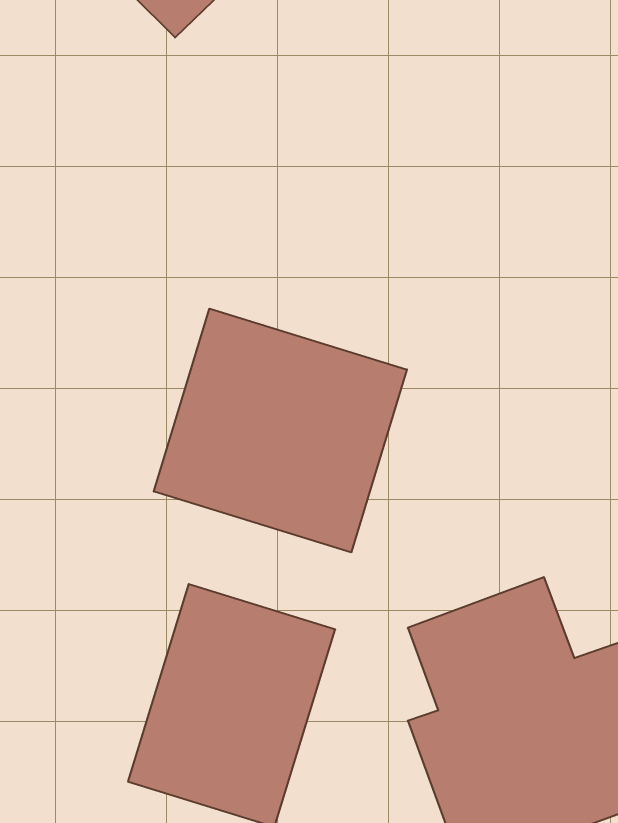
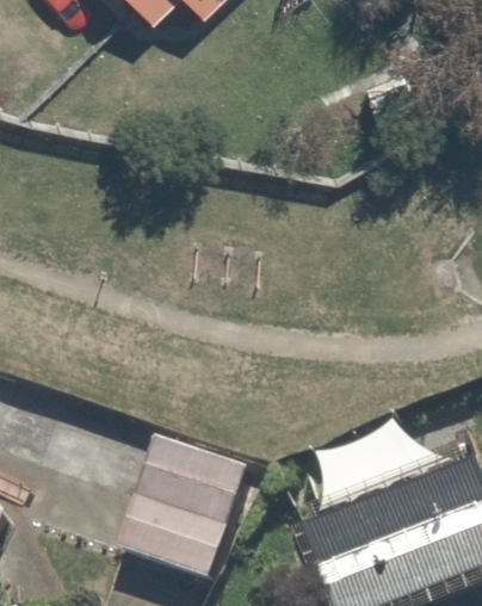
building: [154,309,407,552] -> none

